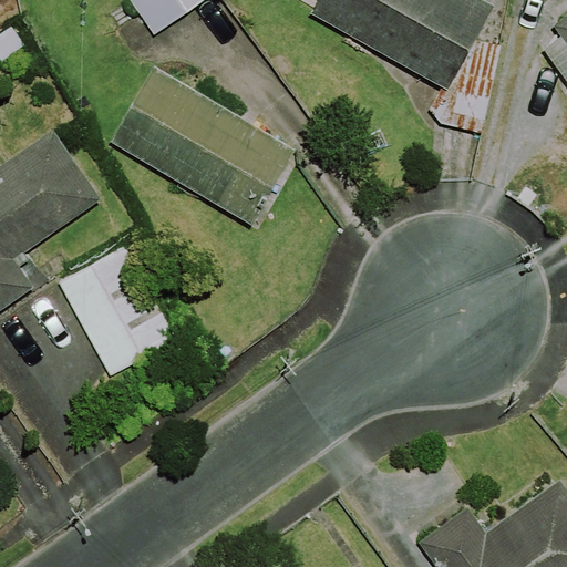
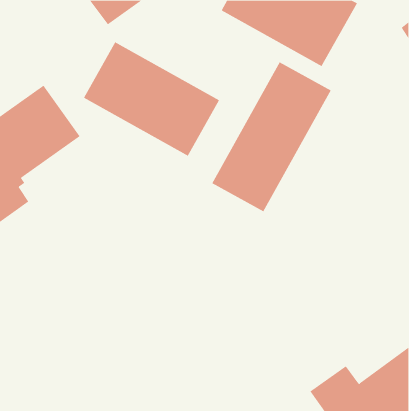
building: none -> [212,62,332,212]
building: [58,246,176,377] -> none

